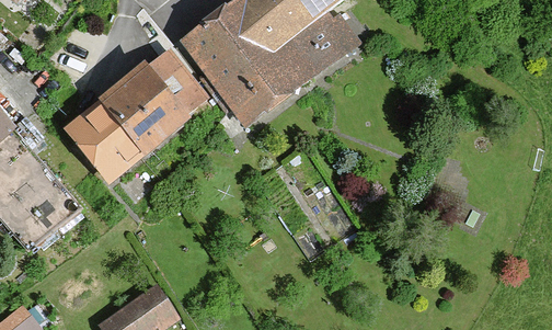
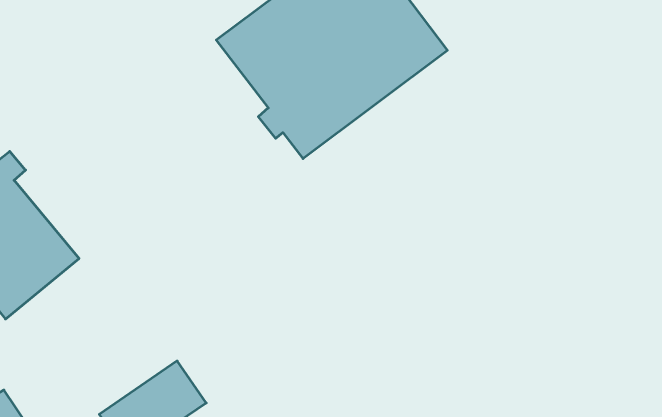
building: [62,47,210,185] -> none

